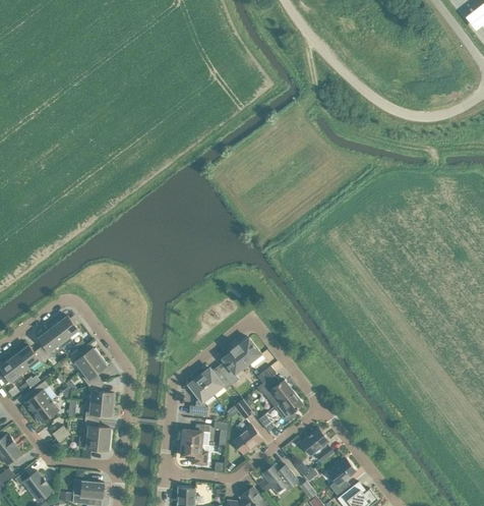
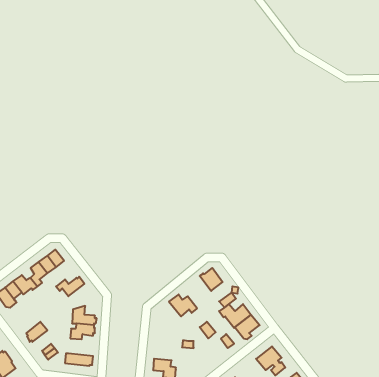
building: [220,346,247,384] -> none
building: [82,355,107,385] -> none
building: [188,376,213,415] -> none
building: [25,380,50,412] -> none
building: [82,418,112,439] -> none
building: [181,424,209,444] -> none
building: [233,424,262,453] -> none

